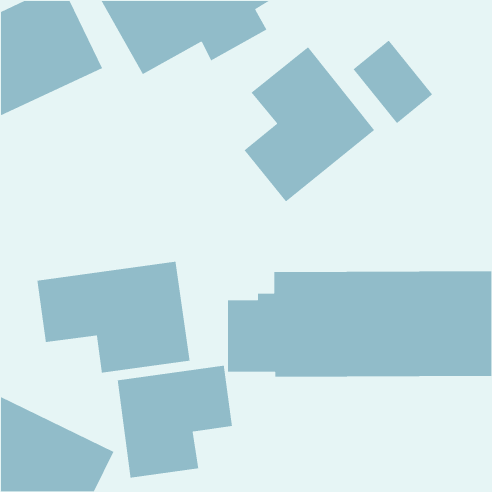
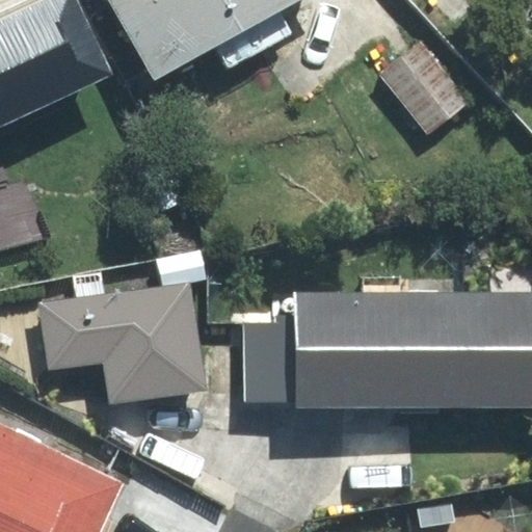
building: [244,46,375,203] -> none
building: [117,365,233,478] -> none

